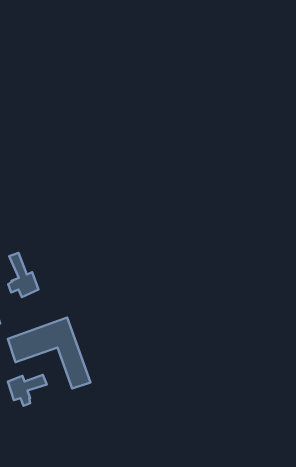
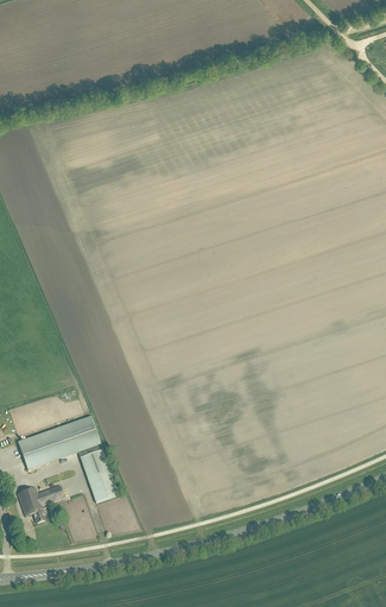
building: [8,253,38,297] -> none

